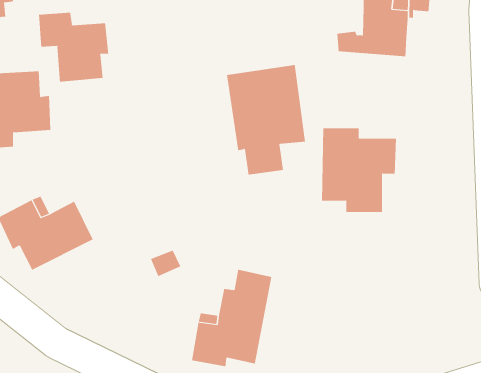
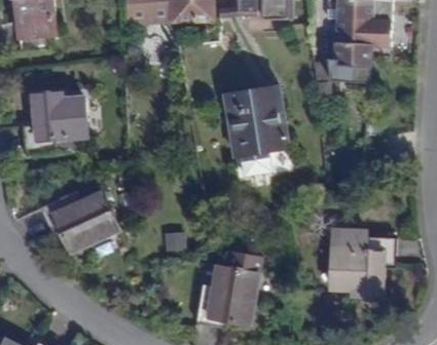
building: [38,12,109,82] -> none
building: [321,128,397,213] -> [334,229,395,297]

